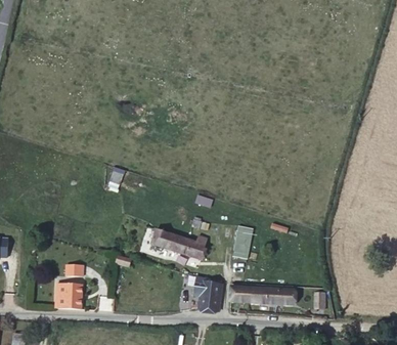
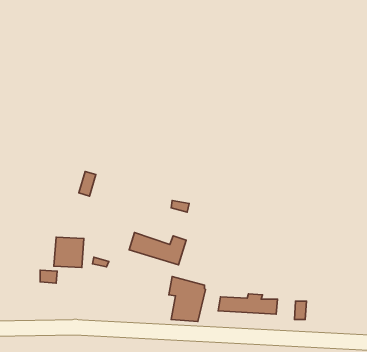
building: [232,225,253,259] -> none
building: [57,282,86,310] -> [54,237,84,267]

